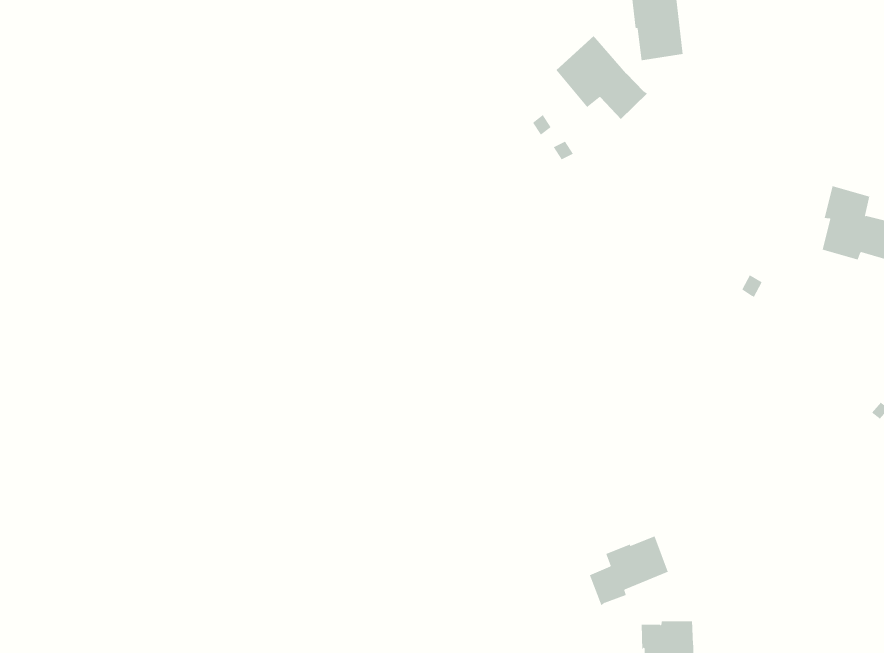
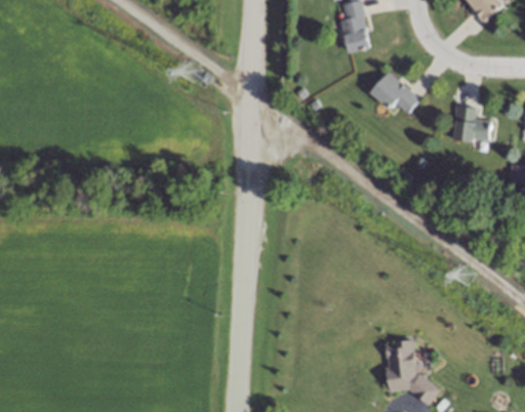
building: [556,35,648,120] -> [372,71,421,113]
building: [589,536,669,606] -> none

